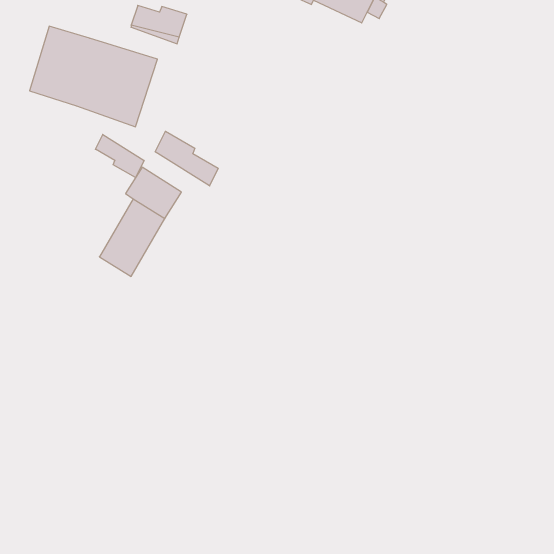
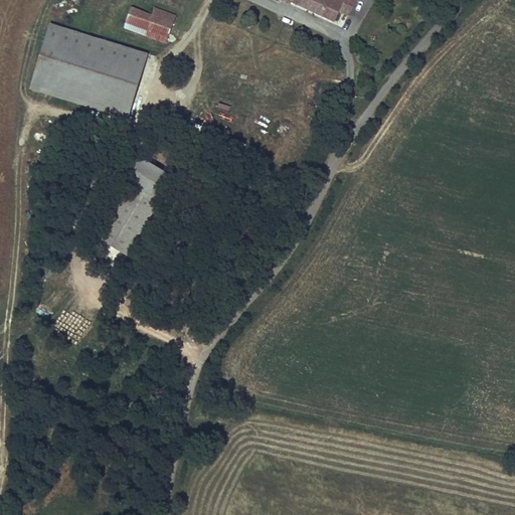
building: [155,131,218,186] -> none
building: [95,134,144,178] -> none

